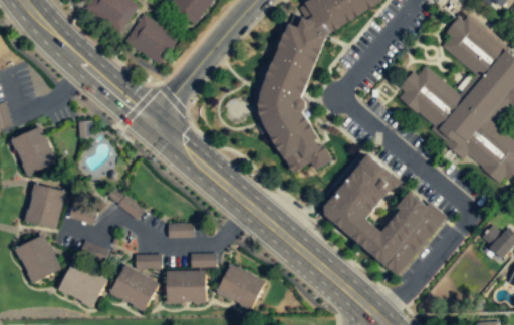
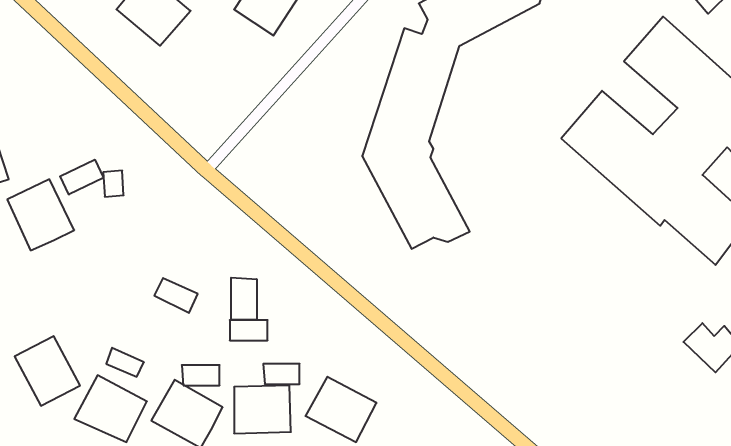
building: [123,16,178,66] -> none
building: none -> [60,160,104,195]
building: [320,155,445,276] -> none
building: [24,184,65,229] -> none
building: none -> [231,278,257,320]

